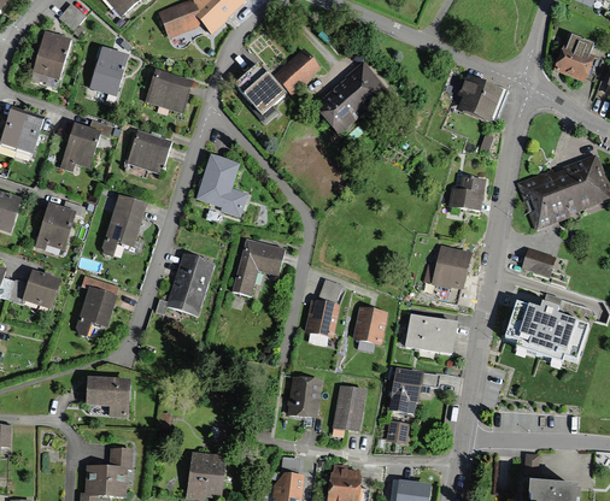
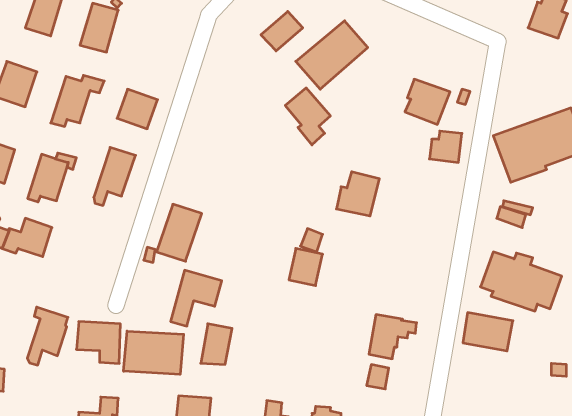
building: [236,63,283,122] -> [285,88,330,145]
building: [146,67,189,111] -> none
building: [456,75,503,122] -> [405,79,450,124]
building: [195,154,248,218] -> none
building: [231,237,285,295] -> [171,270,222,326]
building: [426,244,470,290] -> [336,172,379,216]
building: [75,275,117,335] -> [27,307,68,365]
building: [354,306,386,342] -> none
building: [405,314,457,354] -> [463,313,513,351]
building: [288,373,321,415] -> [201,324,232,364]
building: [333,384,365,430] -> none
building: none -> [124,331,184,374]

